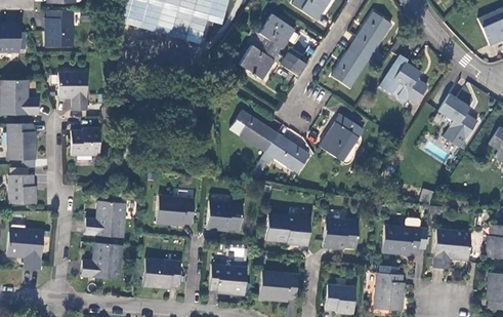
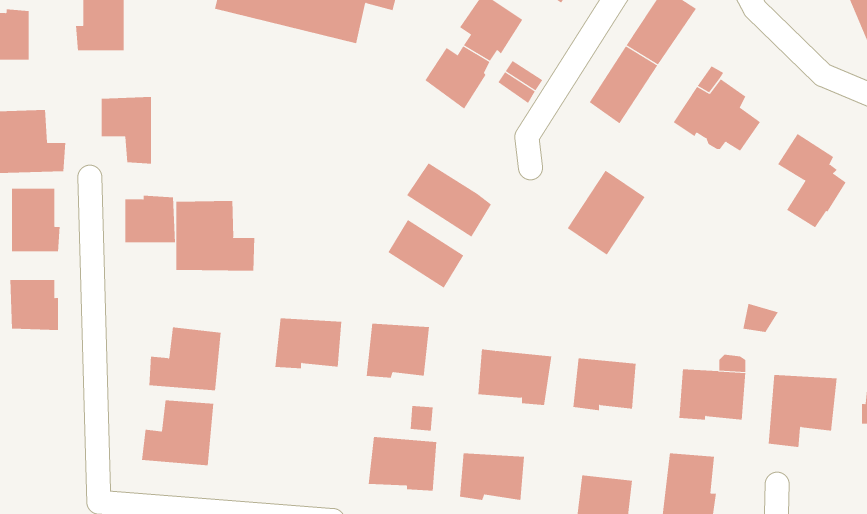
building: none -> [176,200,255,272]
building: [266,133,309,172] -> [387,219,464,289]
building: [6,229,43,270] -> none
building: [143,259,181,287] -> none

